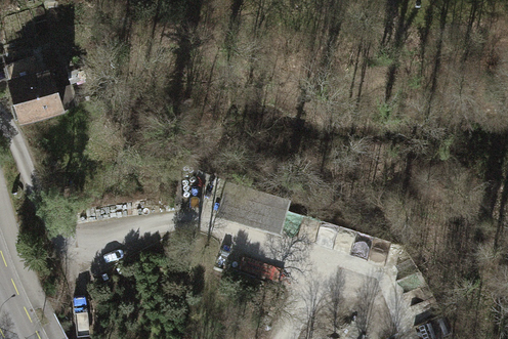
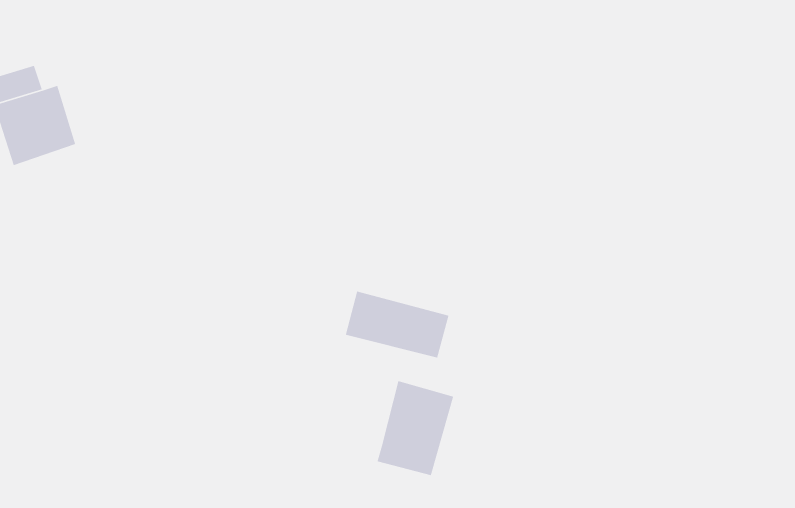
building: none -> [377,380,454,476]

